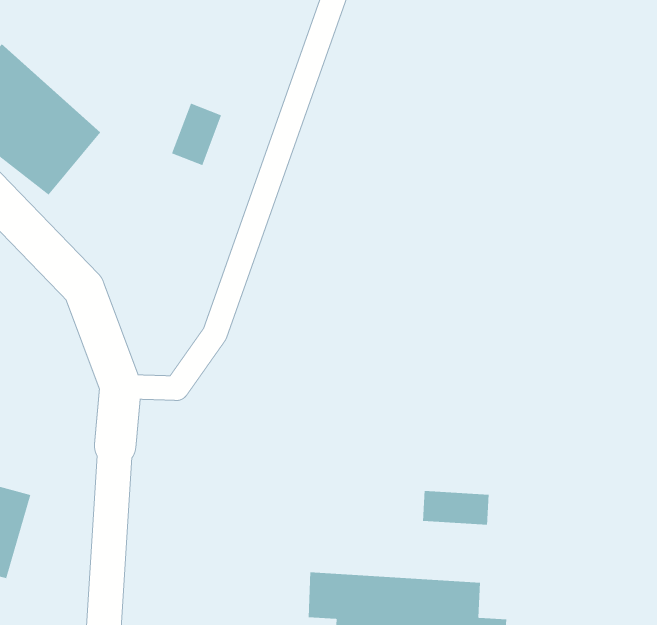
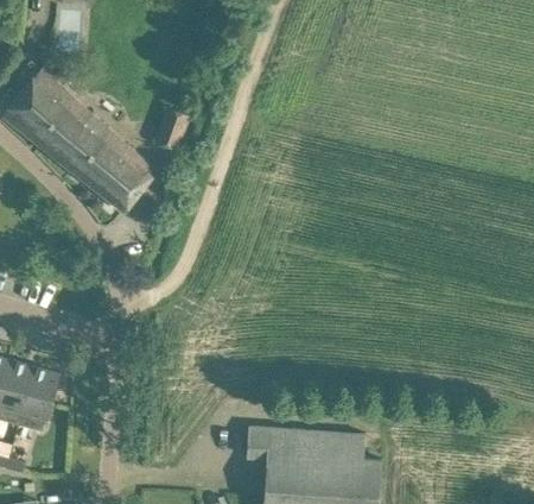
building: none -> [71,128,155,213]
building: [422,490,489,526] -> none

